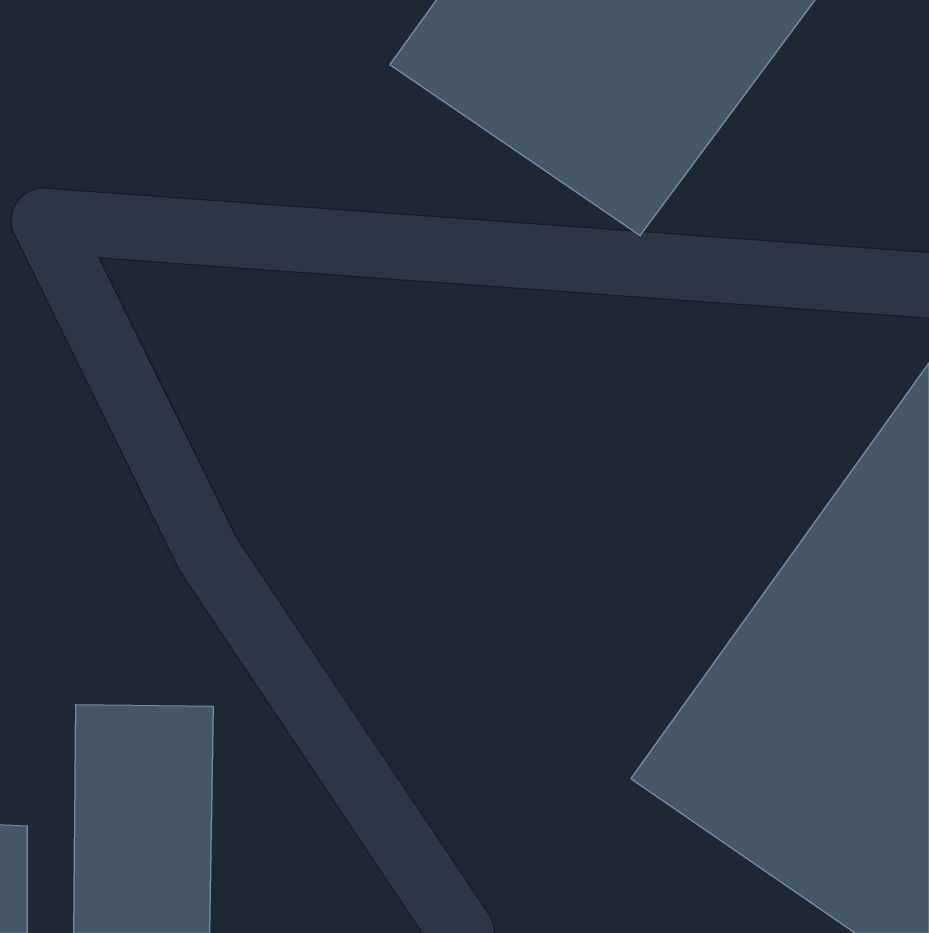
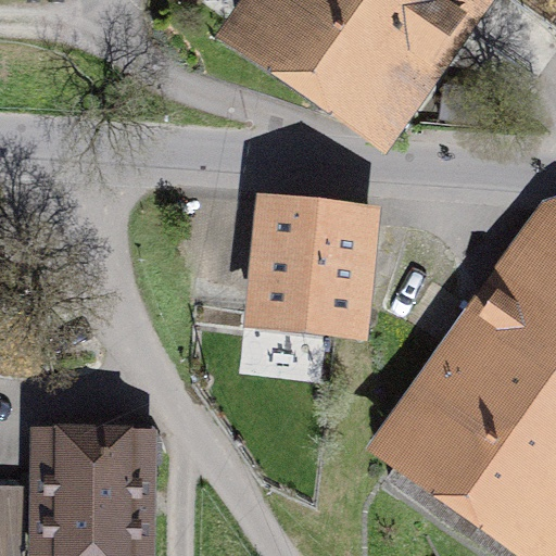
building: none -> [249,198,379,337]

